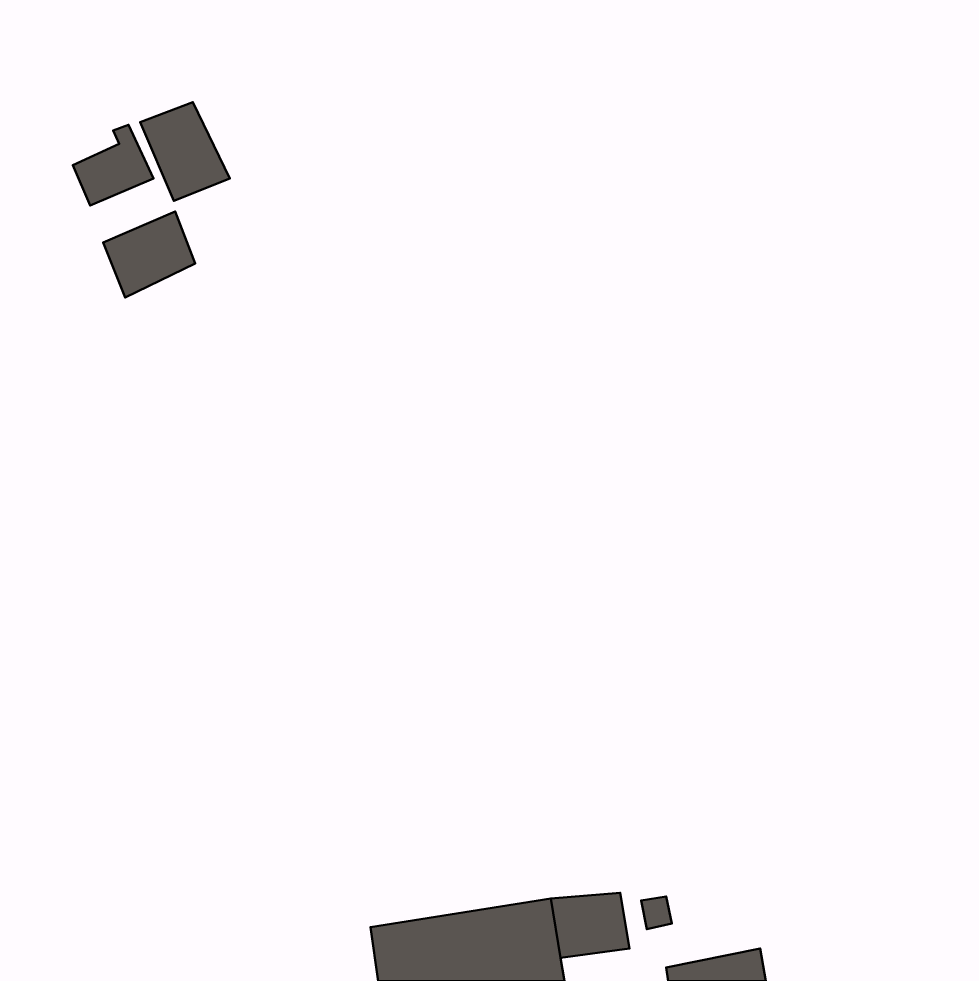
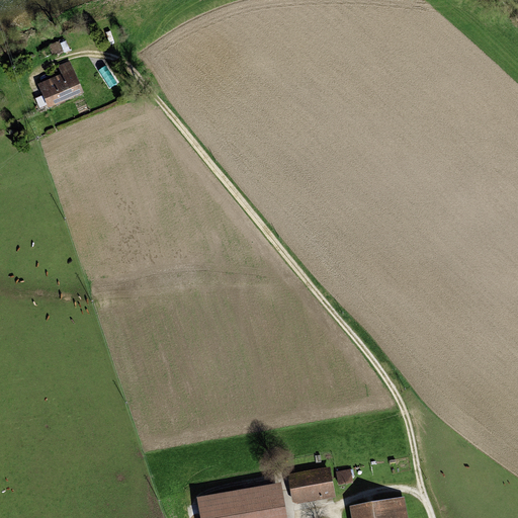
building: [140,102,230,201] -> none
building: [103,212,195,297] -> none

